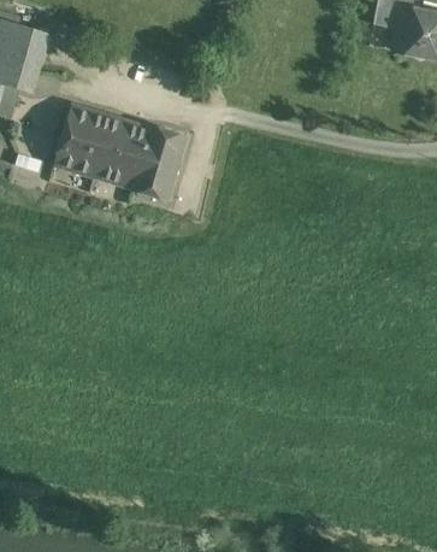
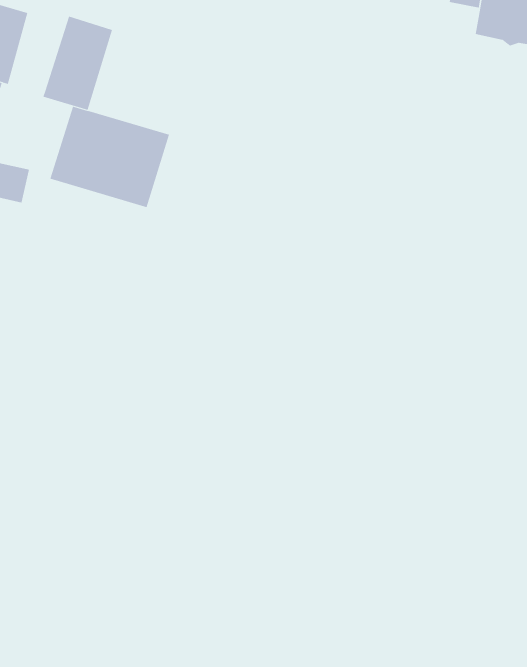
building: [130,125,185,200] -> [43,16,113,110]

